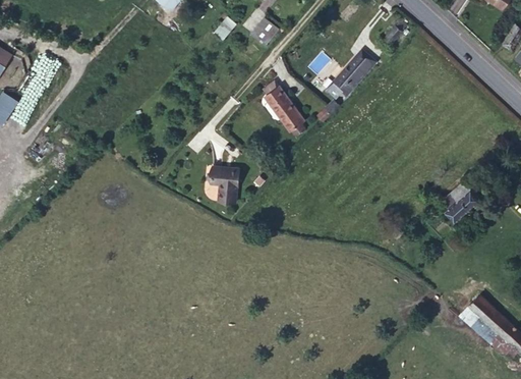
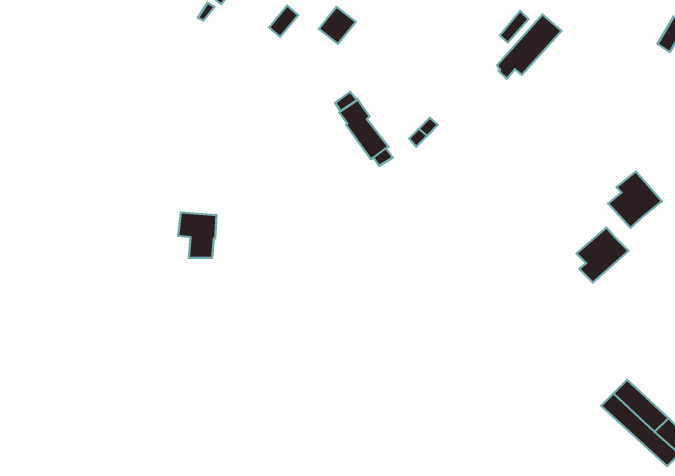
building: [329,50,377,98] -> [497,14,562,79]
building: none -> [608,171,662,228]
building: [211,166,239,200] -> [178,212,216,258]

